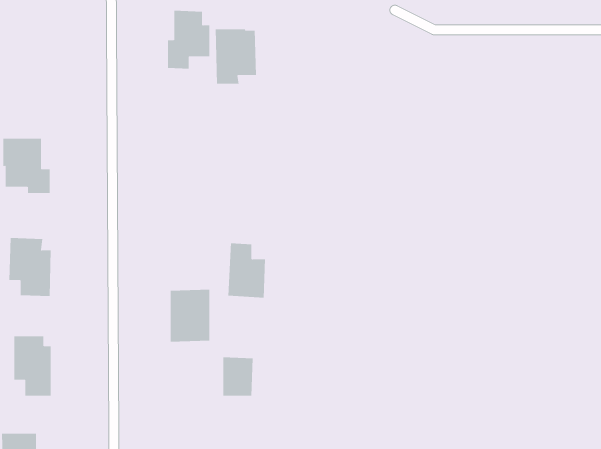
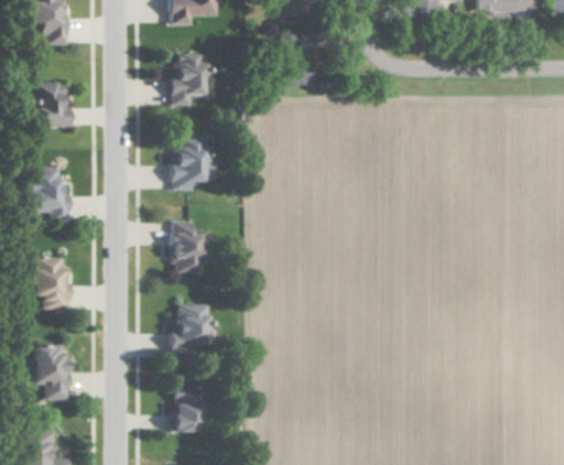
building: [215,29,257,84] -> [173,140,210,190]
building: none -> [33,82,72,127]
building: [228,243,266,298] -> [173,221,207,271]
building: [223,357,253,396] -> [177,397,205,432]

